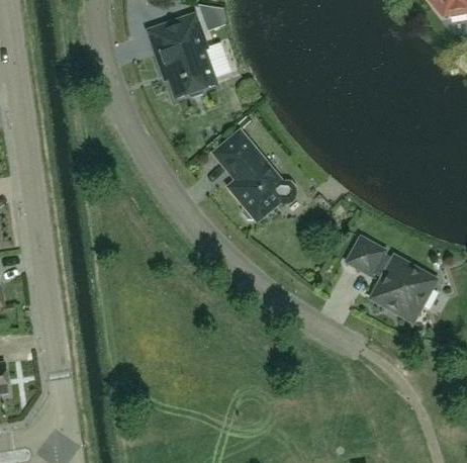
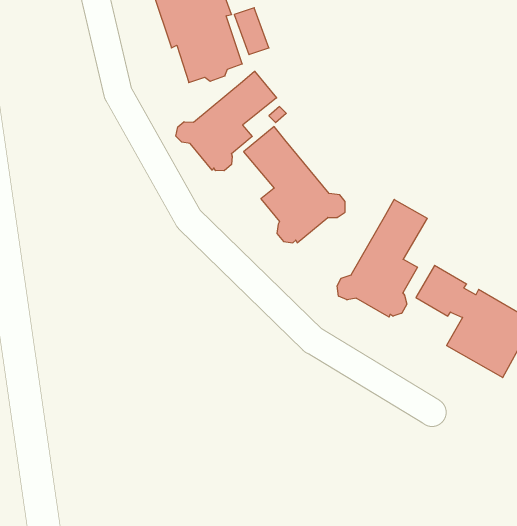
building: none -> [176,71,277,171]
building: none -> [337,199,427,317]

